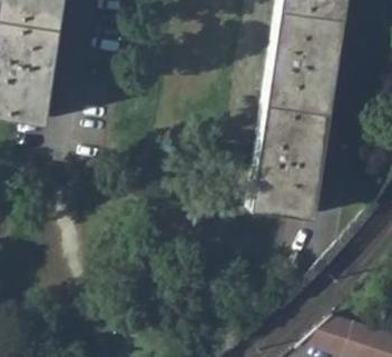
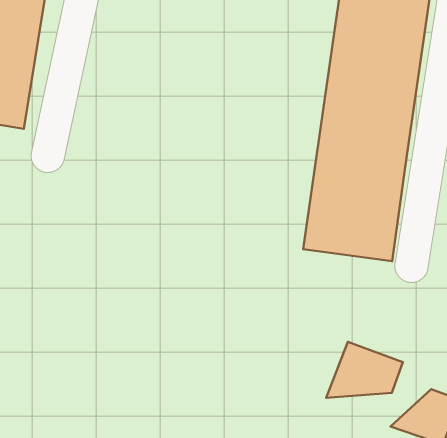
building: none -> [326,342,403,398]

